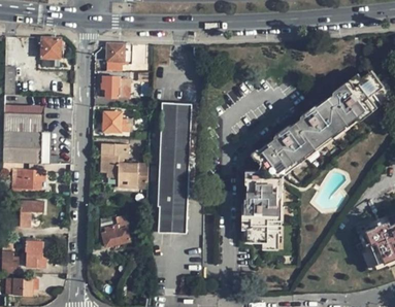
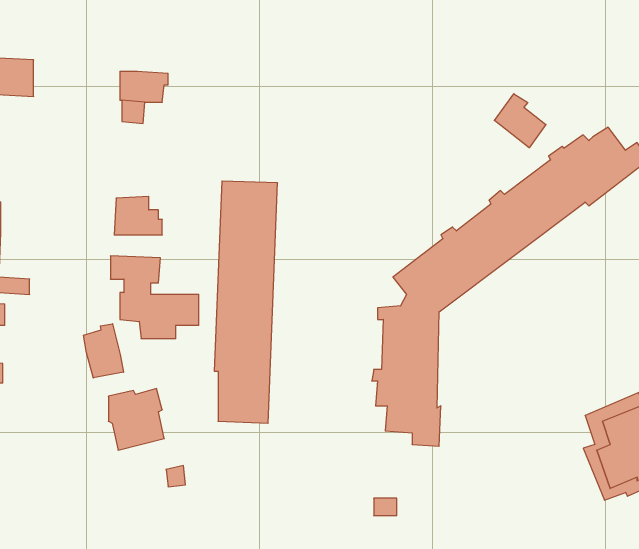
building: none -> [494,94,546,148]
building: [101,76,130,98] -> none
building: none -> [83,324,124,378]

